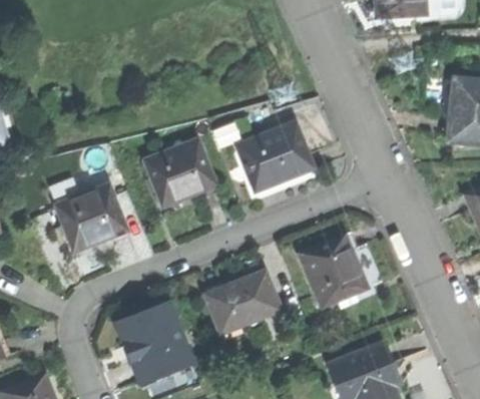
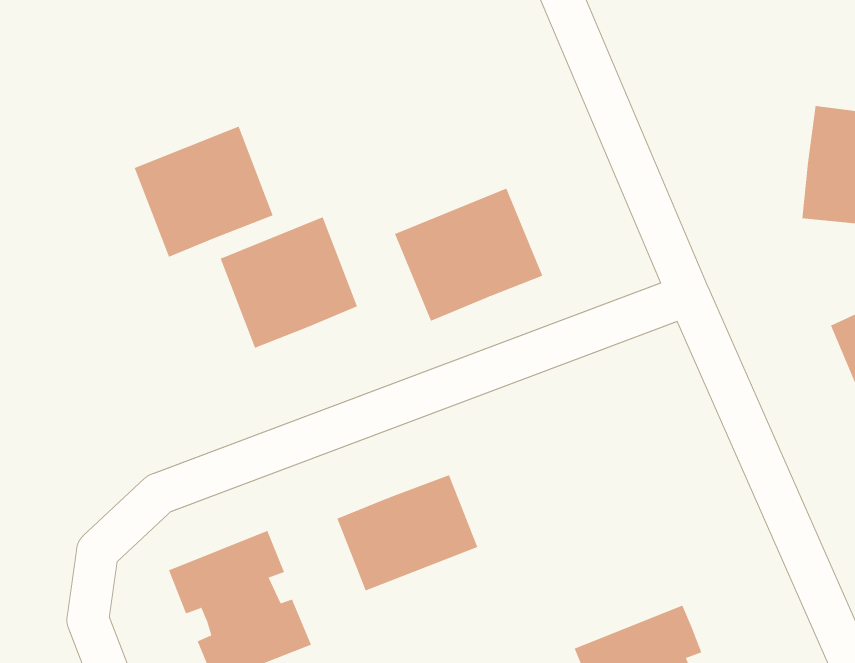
building: [55,181,128,251] -> [134,126,274,258]
building: [299,235,368,308] -> none

